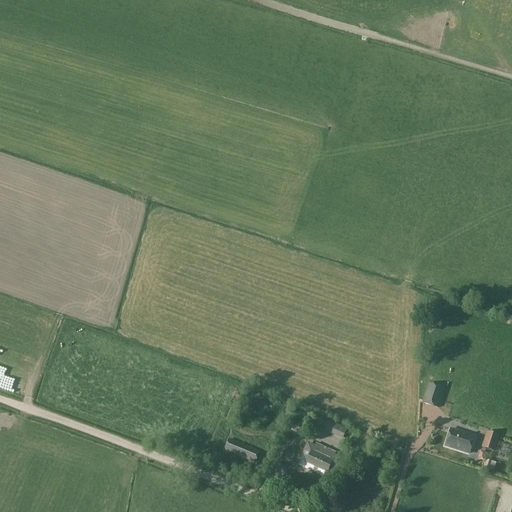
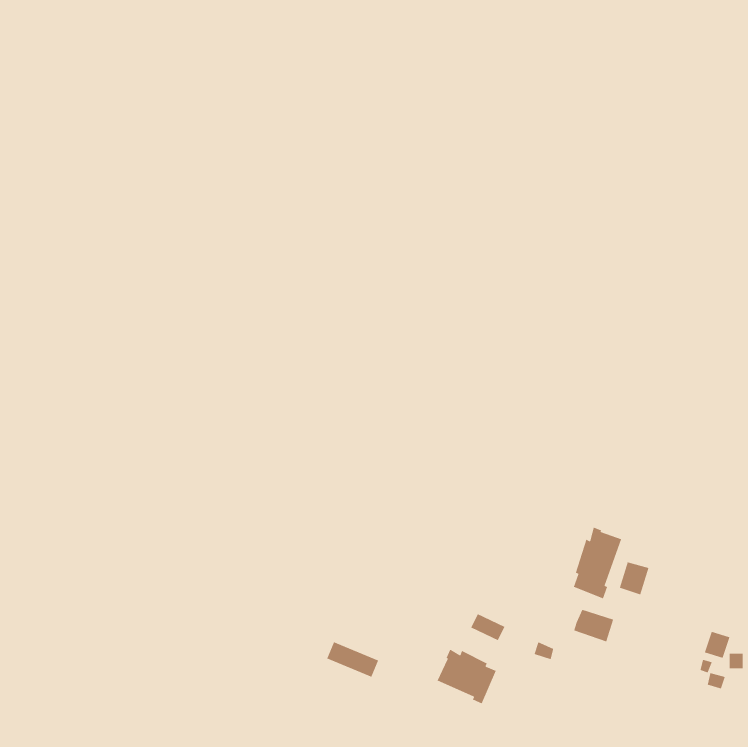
building: none -> [573,526,622,599]
building: [444,428,472,451] -> [573,609,614,643]

